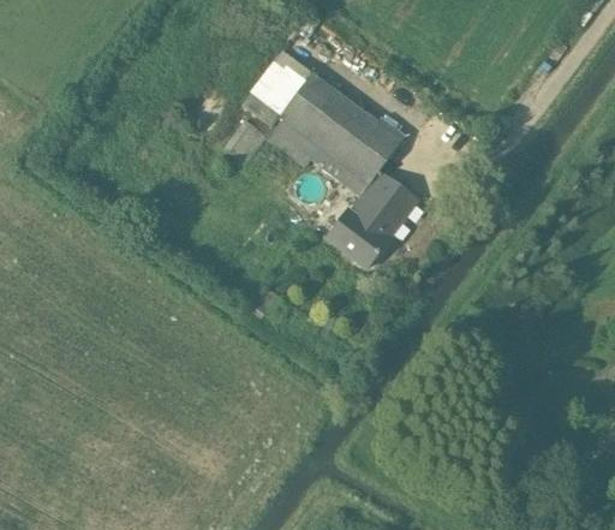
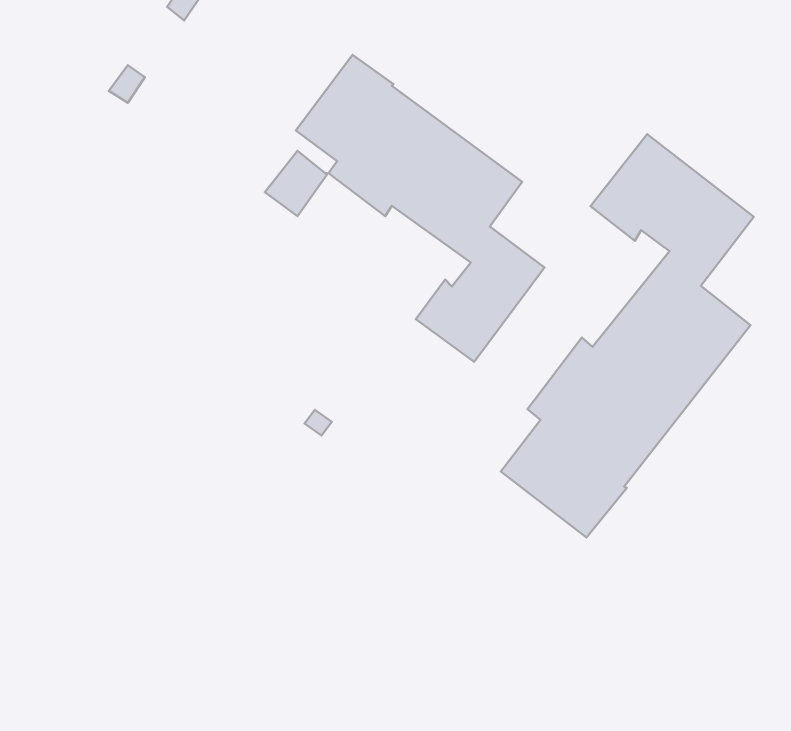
building: none -> [501,134,754,537]

